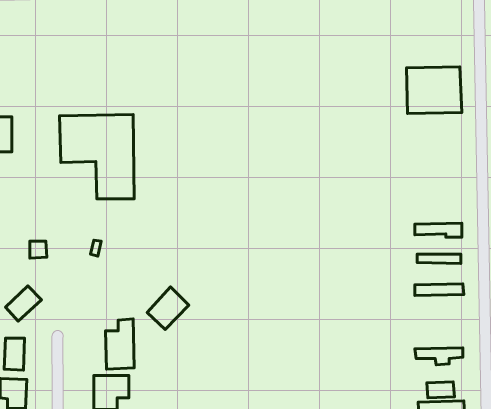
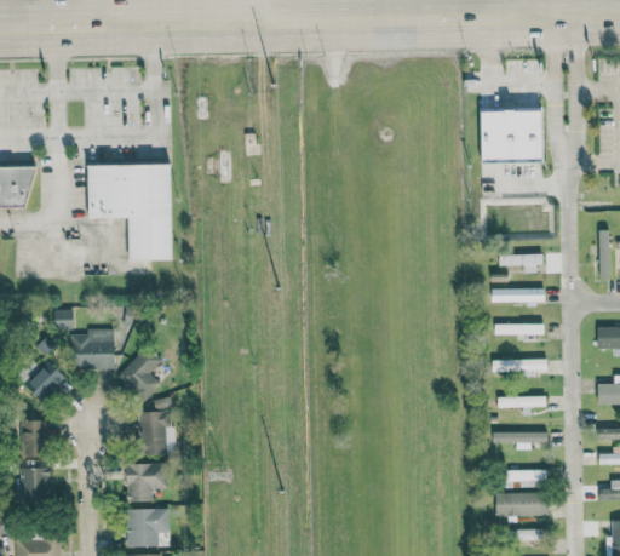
building: none -> [499,254,540,274]
building: none -> [70,328,114,369]
building: [147,287,189,330] -> [116,349,163,397]
building: none -> [498,395,546,415]

